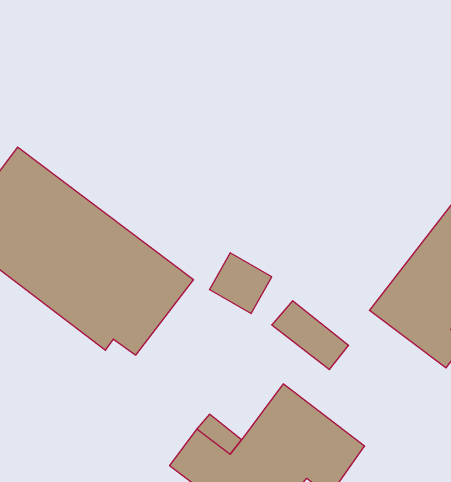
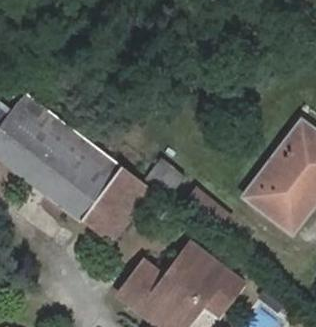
building: none -> [79,176,153,245]

